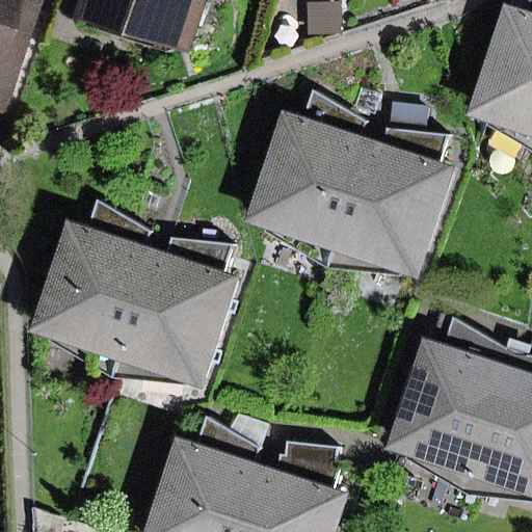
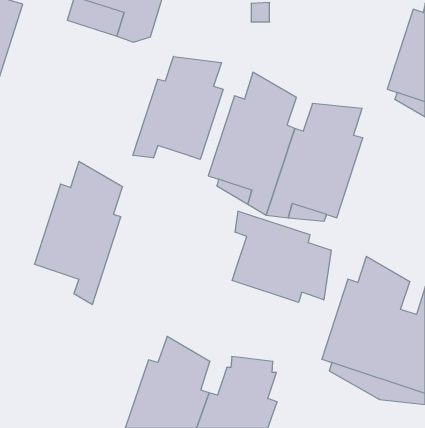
building: none -> [133,56,223,159]
building: [114,237,234,379] -> none
building: none -> [232,211,331,302]

